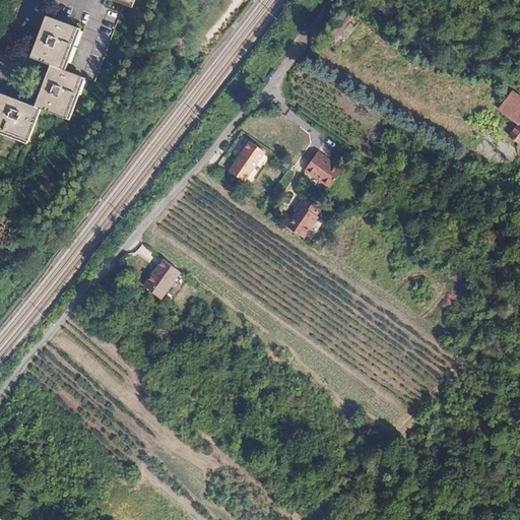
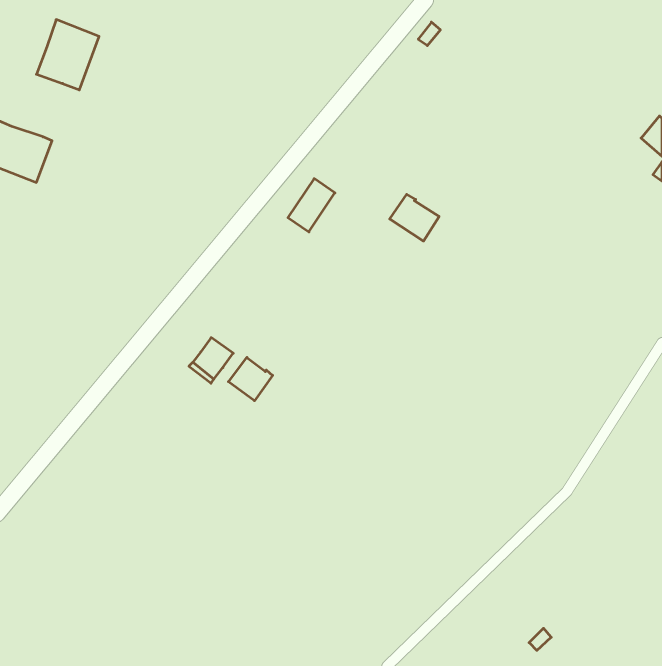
building: [34,65,82,119] -> none
building: [286,197,321,239] -> none
building: none -> [228,357,273,401]

